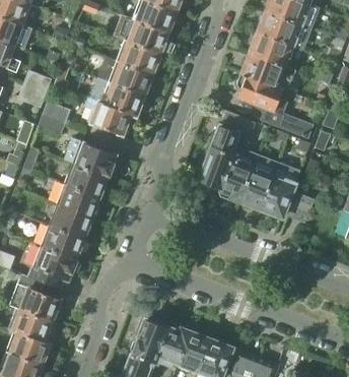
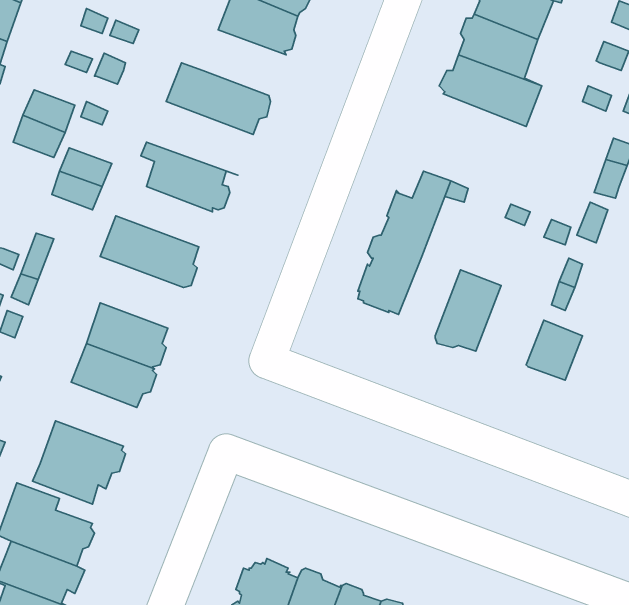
building: [118,40,161,74] -> none
building: [236,73,313,137] -> none
building: [88,77,145,116] -> none
building: [218,154,256,200] -> none
building: [64,162,108,196] -> none
building: [261,162,299,216] -> none
building: [41,225,85,258] -> none

